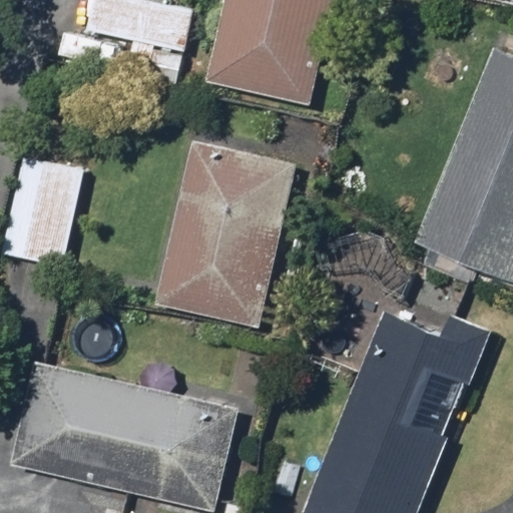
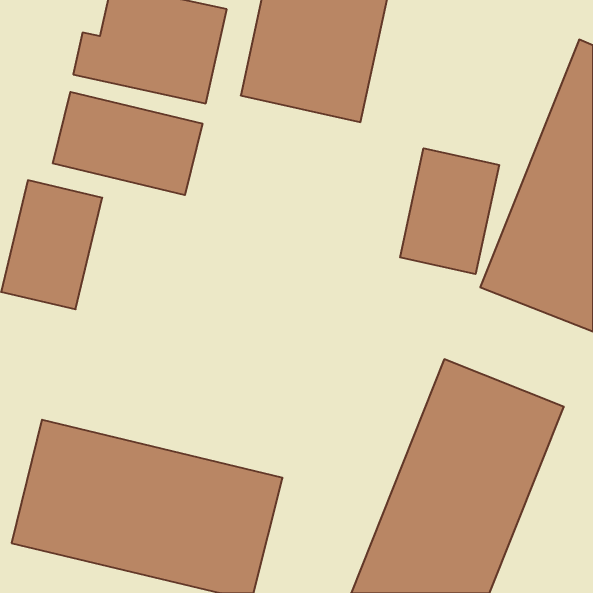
building: none -> [53,92,202,195]
building: none -> [400,148,499,274]
building: [152,138,300,325] -> none

